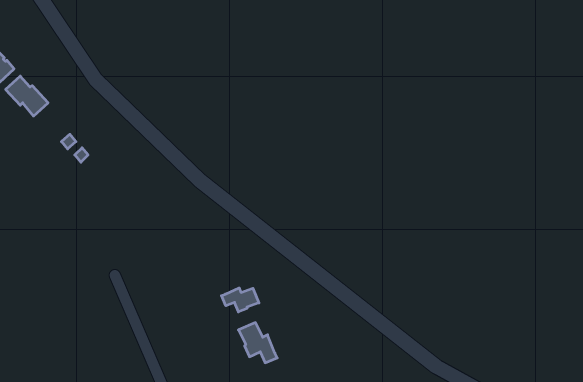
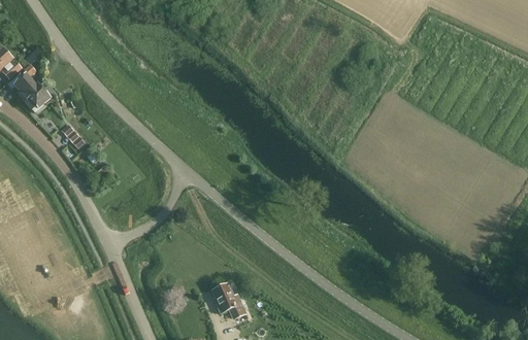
building: [221,288,259,312] -> none

